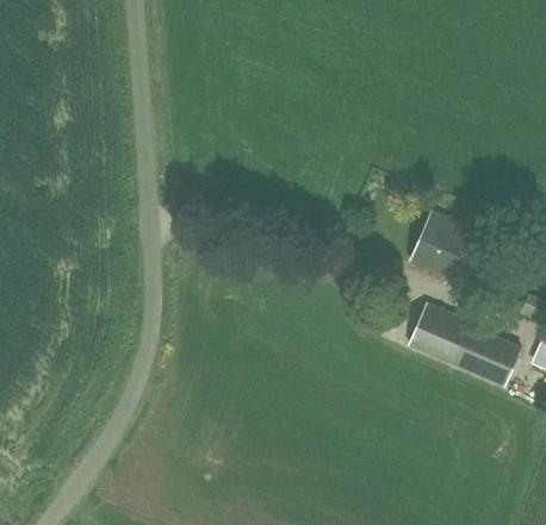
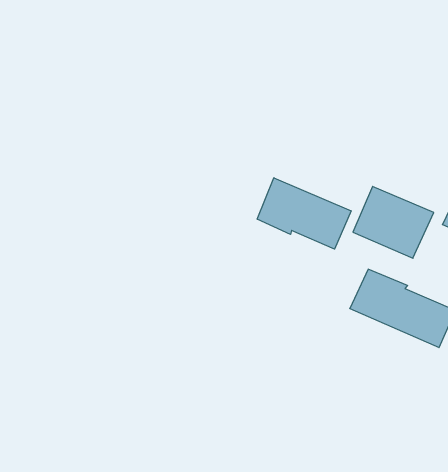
building: none -> [257,178,351,249]

